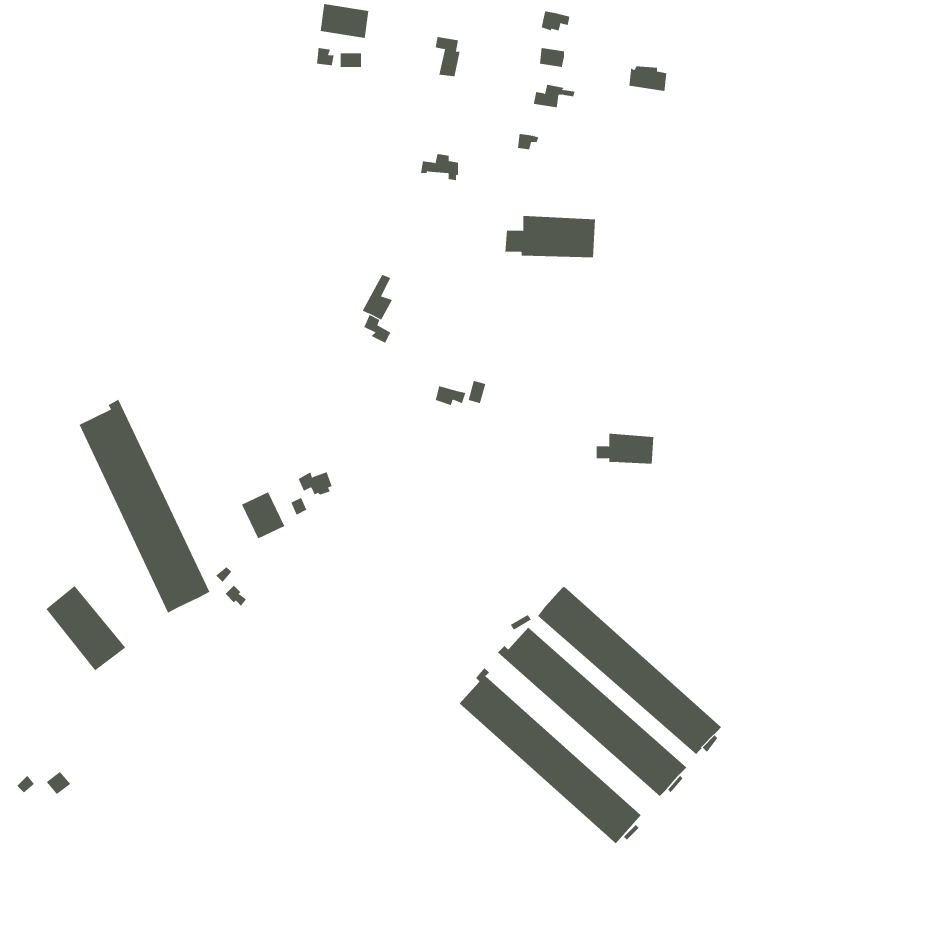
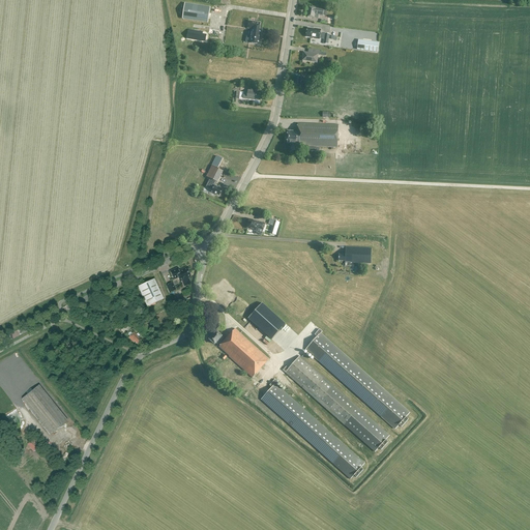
building: [79,399,210,614] -> none
building: none -> [247,302,285,338]
building: none -> [208,327,268,377]
building: [46,585,126,671] -> [21,384,66,433]

